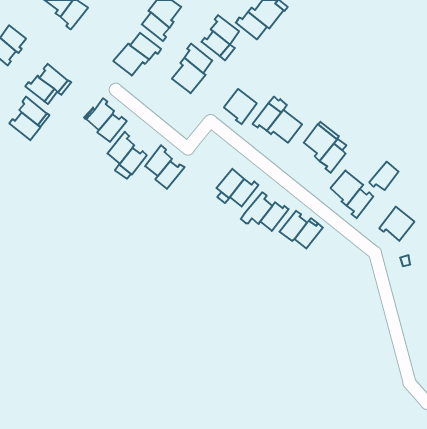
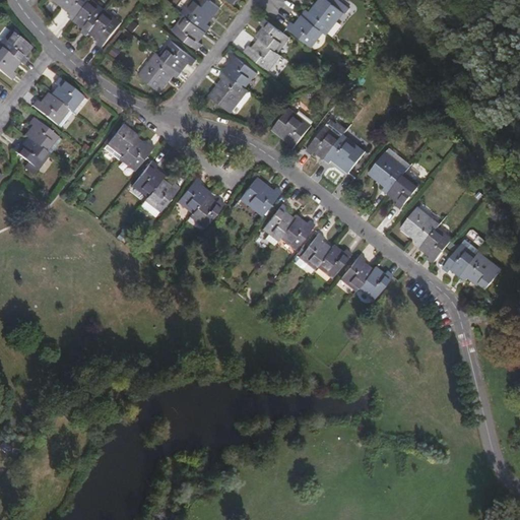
building: none -> [88,9,121,48]
building: none -> [238,178,279,217]
building: [369,162,399,190] -> [441,242,476,276]

